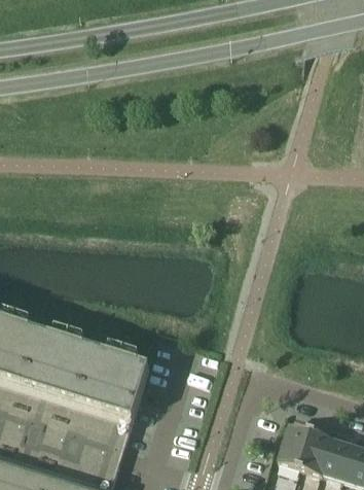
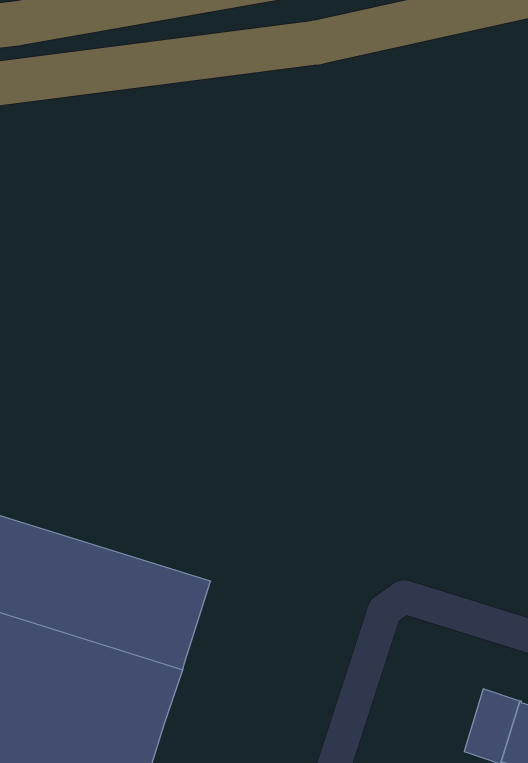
building: [278,422,311,465] -> none

